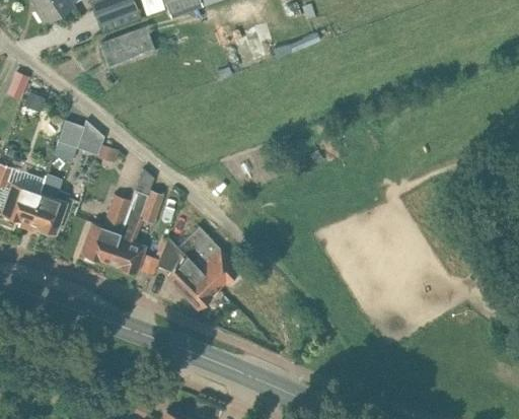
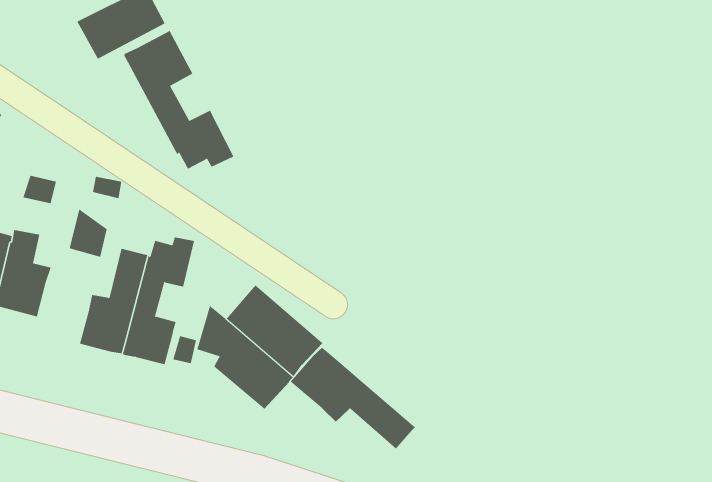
building: none -> [123,30,234,169]
building: [77,122,103,155] -> [69,209,107,258]
building: none -> [290,347,416,450]

